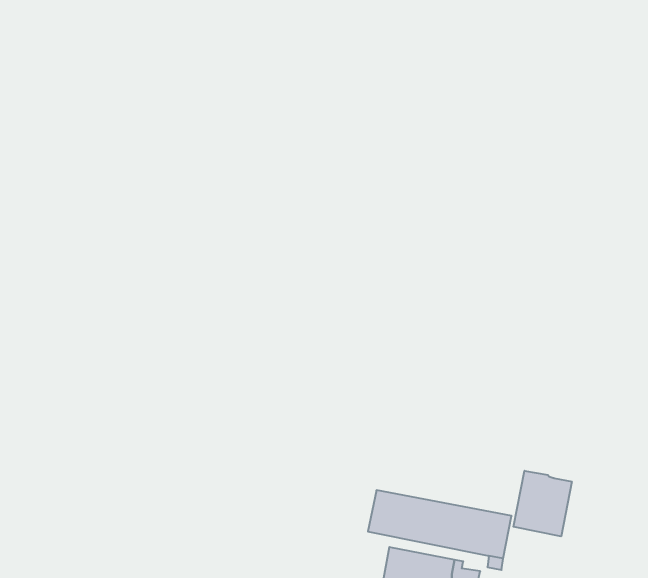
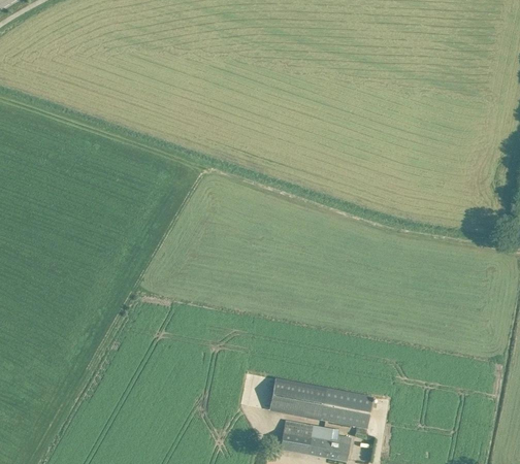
building: [513,471,572,536] -> none

